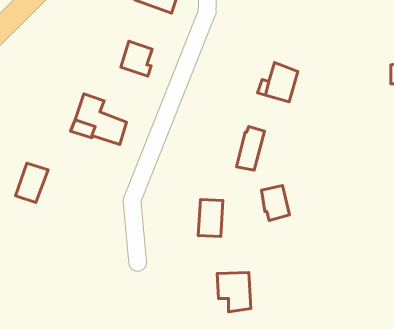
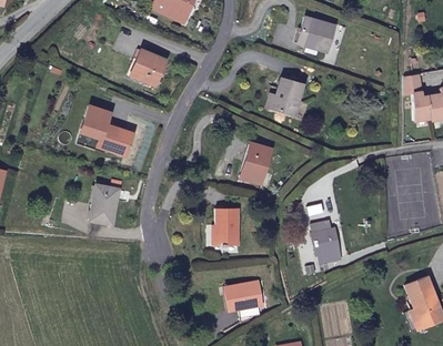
building: none -> [300,13,336,48]
building: [16,163,48,203] -> [91,177,123,216]
building: [261,186,289,220] -> [310,225,338,260]

